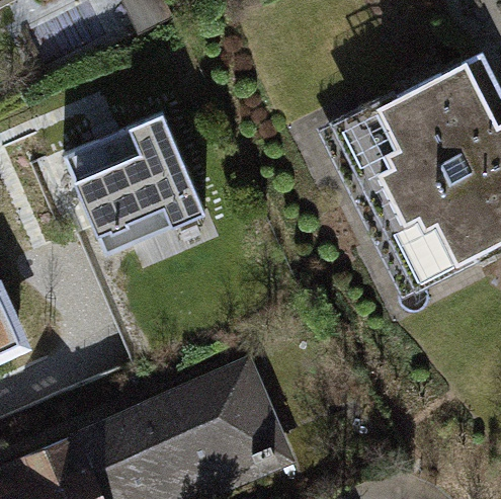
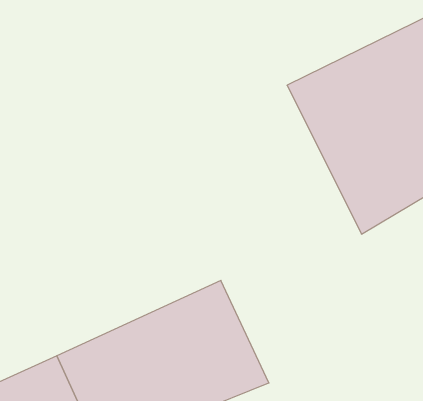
building: [67,117,207,260] -> none

